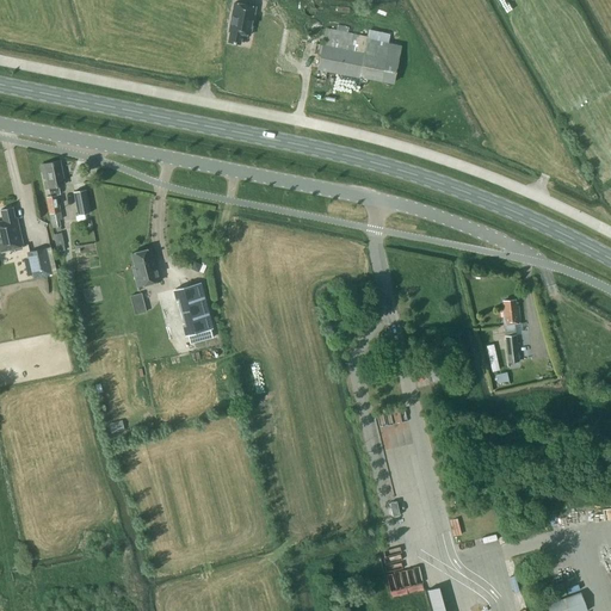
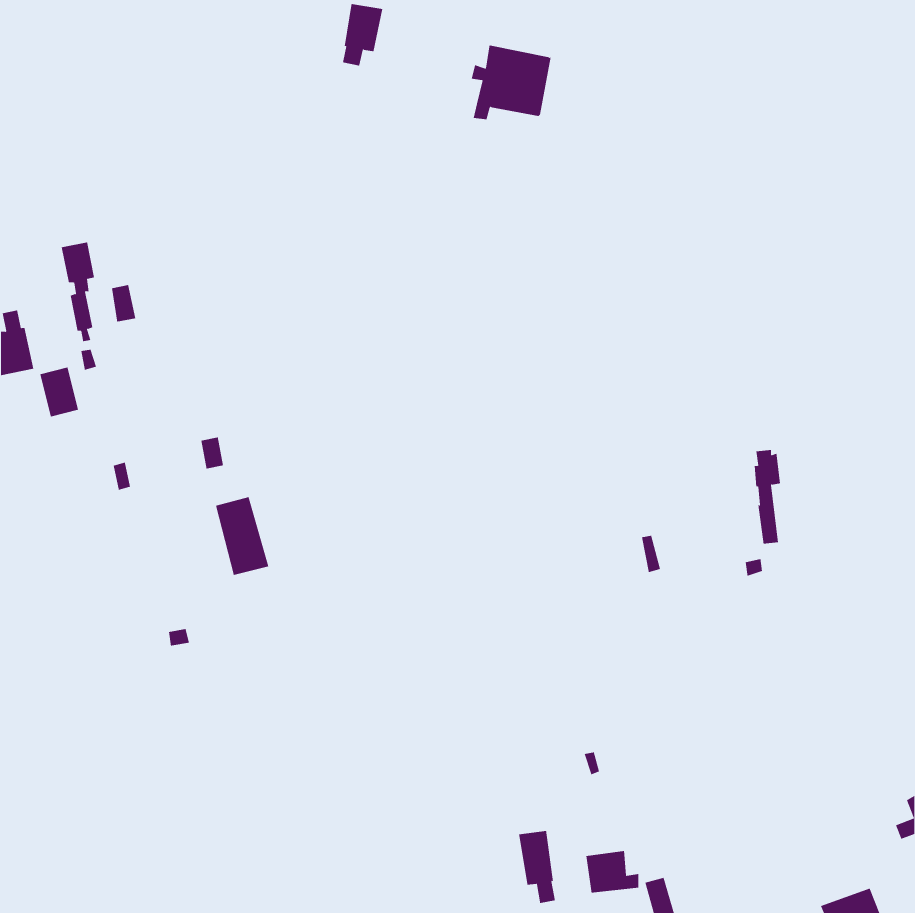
building: [360,29,402,81] -> none
building: [131,249,161,288] -> none
building: [175,284,211,337] -> [215,497,269,575]
building: none -> [518,830,555,904]

